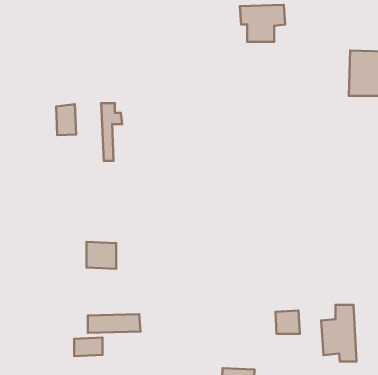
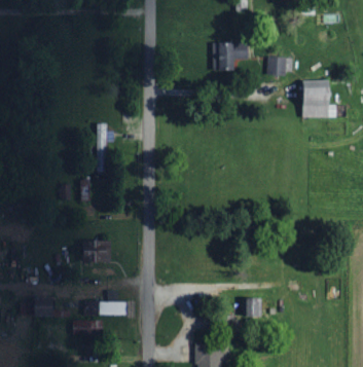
building: none -> [266,57,292,74]
building: [56,104,76,135] -> none
building: [321,305,356,362] -> none

